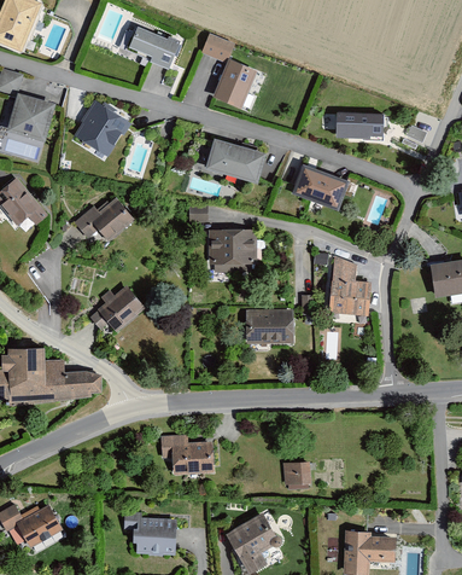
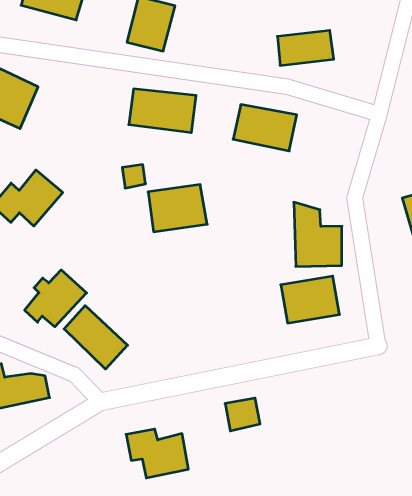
building: [246,308,293,343] -> [281,276,340,323]
building: none -> [64,306,128,369]
building: [283,463,311,488] -> [225,398,260,431]

